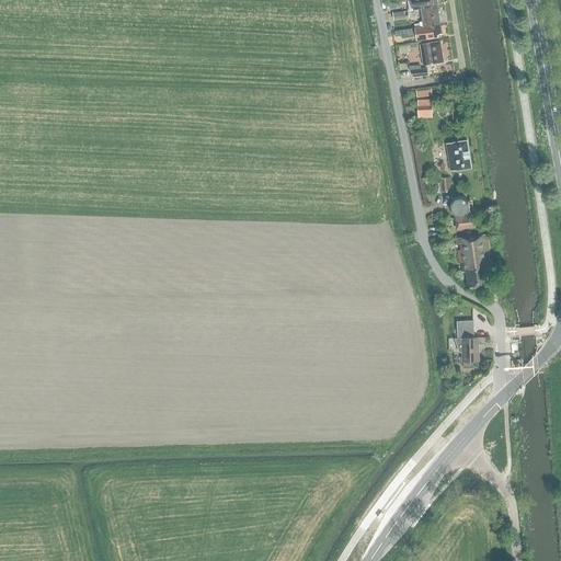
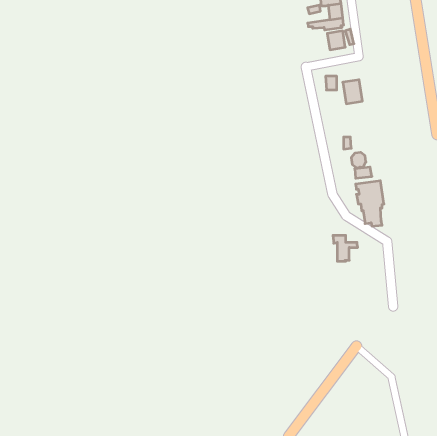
building: [445,138,470,169] -> [343,80,362,104]
building: [456,327,488,359] -> [333,235,358,261]

